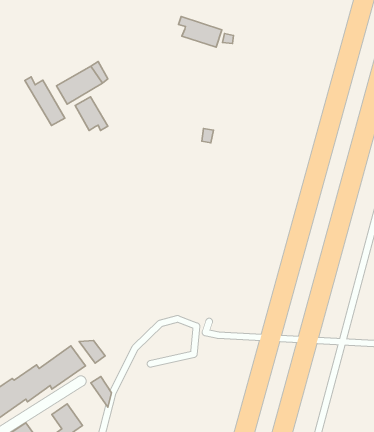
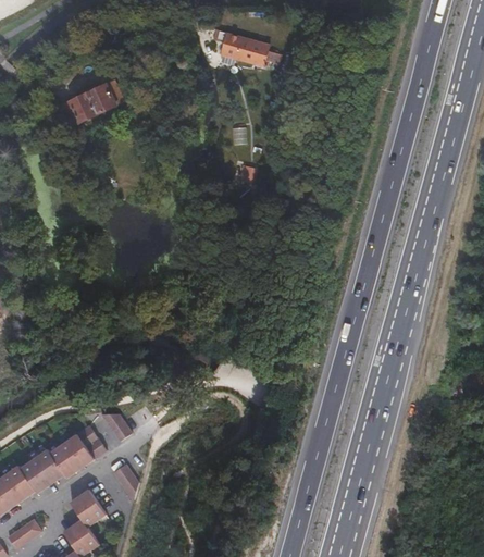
building: [25,77,65,126] -> none
building: [75,97,108,131] -> none

